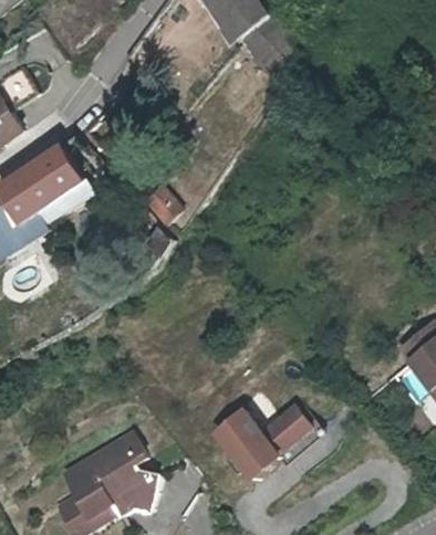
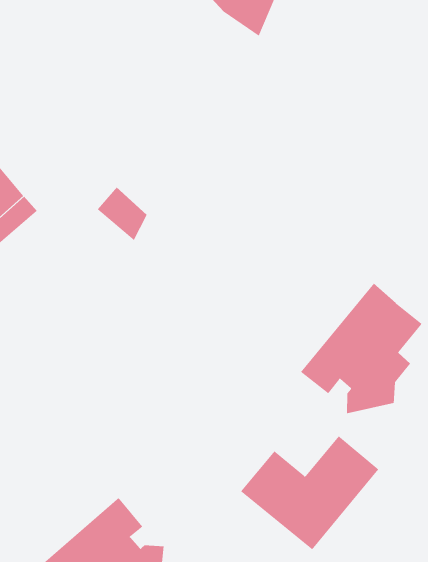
building: none -> [300,283,422,414]

